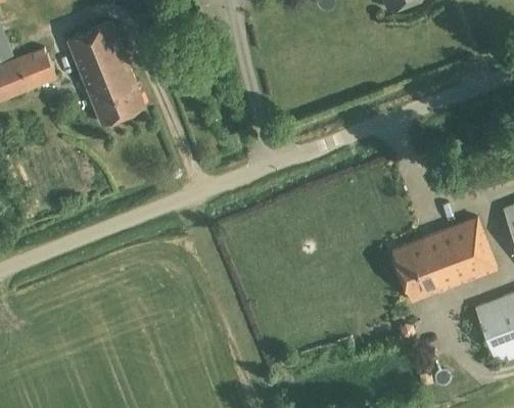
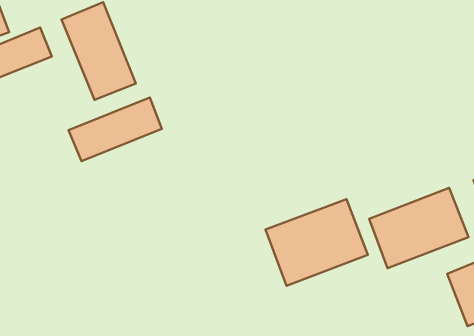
building: none -> [68,97,162,161]
building: none -> [266,199,368,286]

